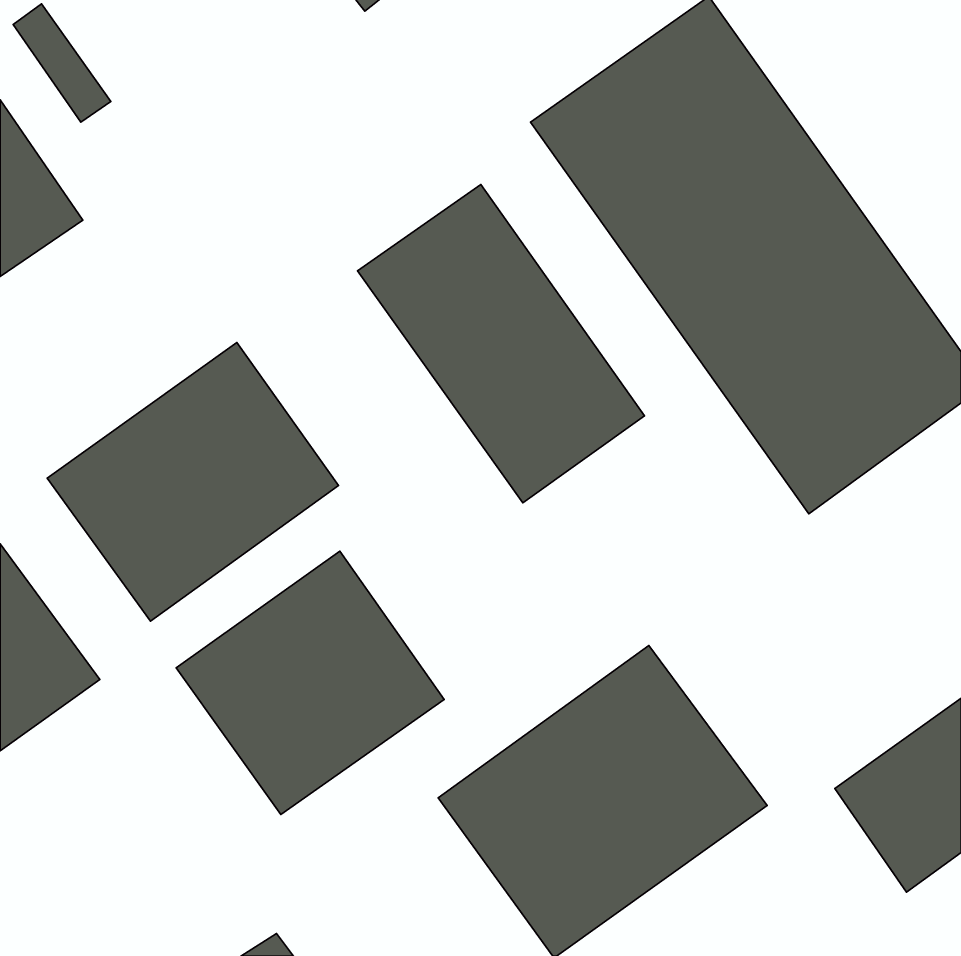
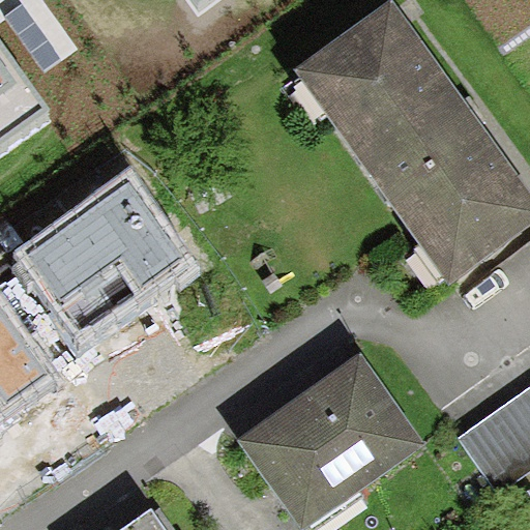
building: [357,185,644,503] -> none
building: [176,551,444,814] -> none

